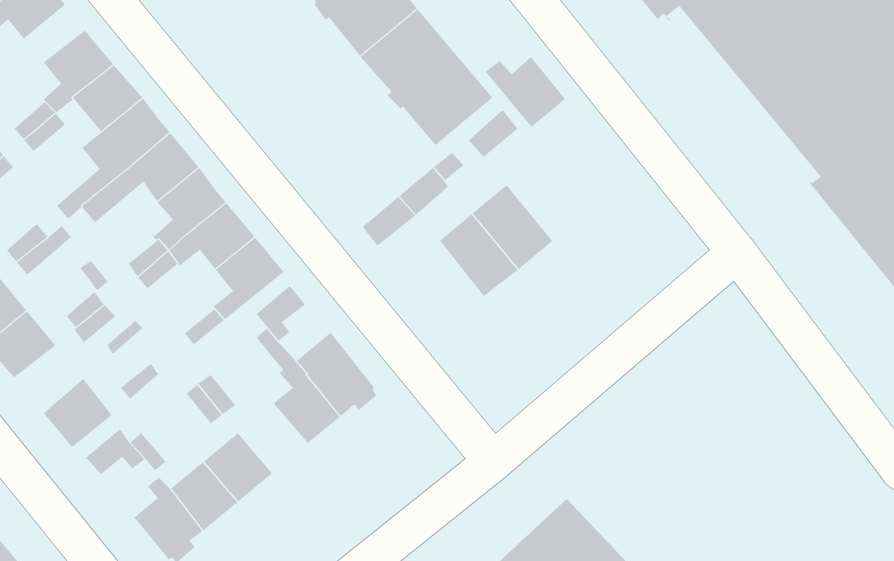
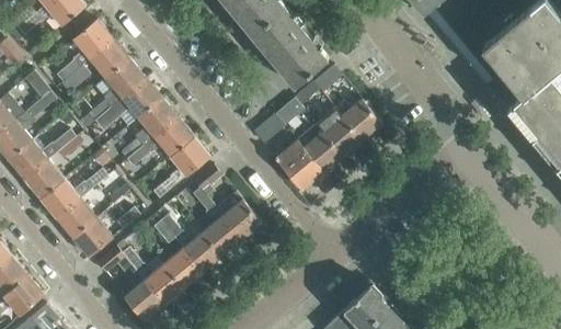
building: [485,56,566,128] -> [335,99,381,139]
building: none -> [274,139,327,190]
building: none -> [56,198,95,237]
building: none -> [183,231,222,271]

